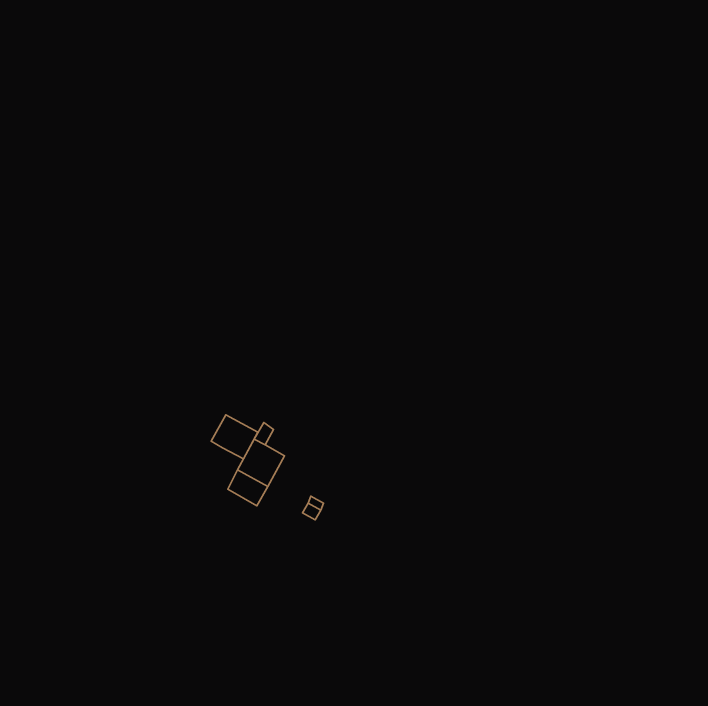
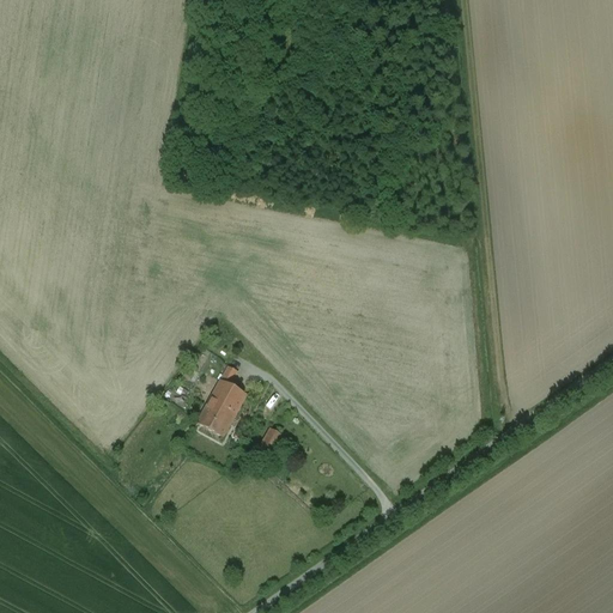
building: [211,415,258,459] -> none

